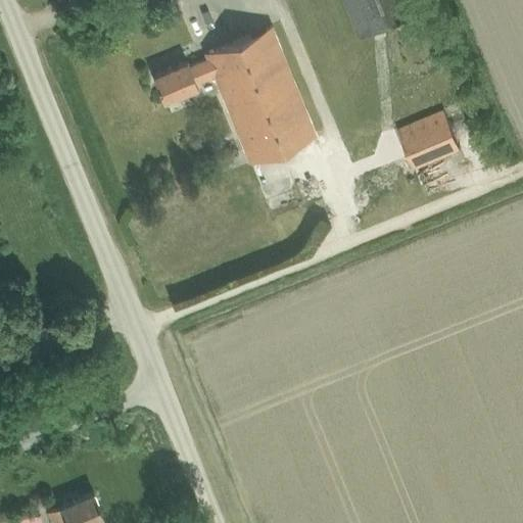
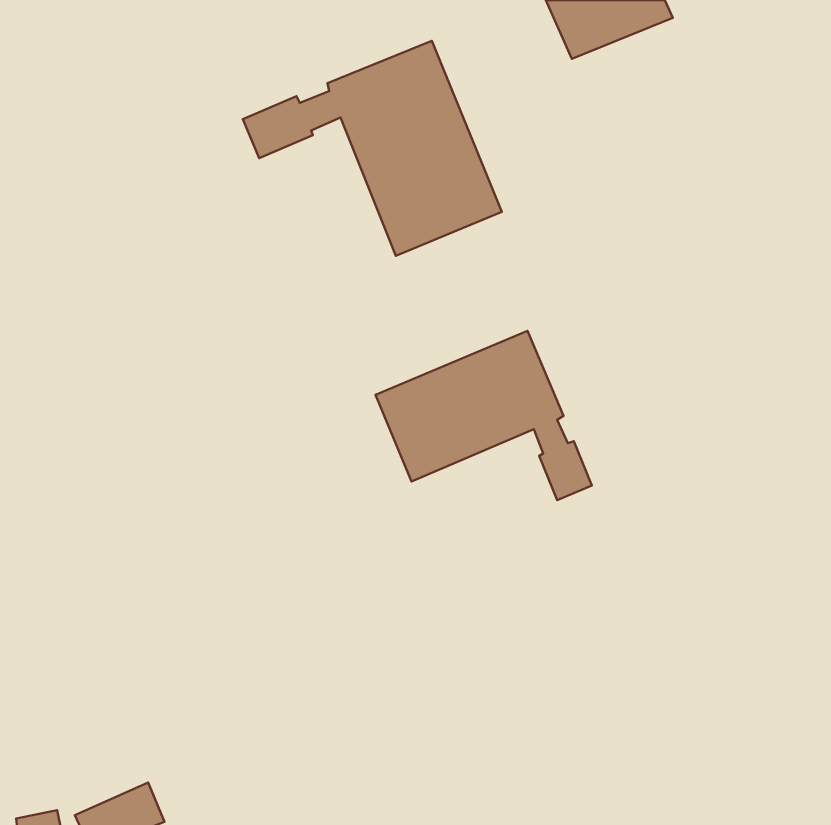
building: [397,113,461,173] -> none
building: none -> [375,331,592,500]

